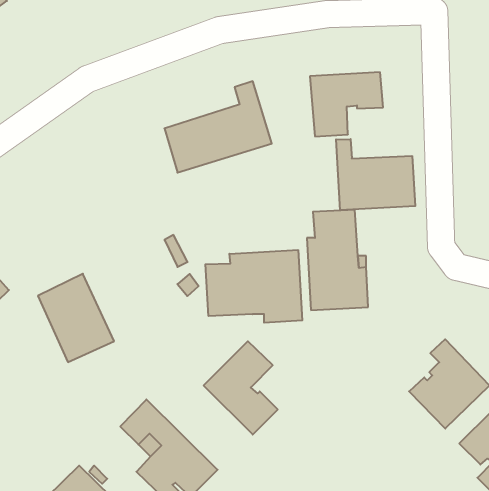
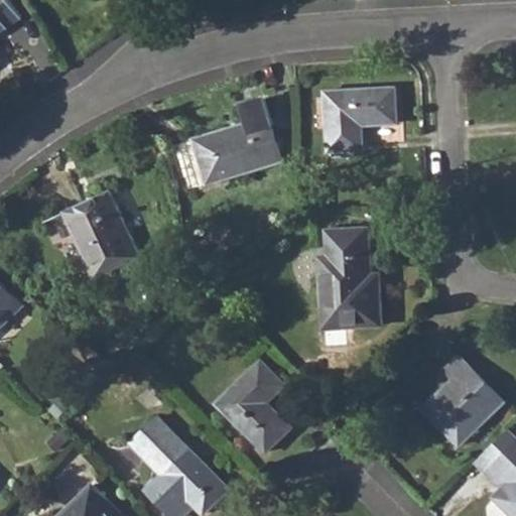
building: [336,139,415,210] -> none
building: [205,250,302,323] -> none
building: [38,274,114,362] -> [59,190,136,279]

